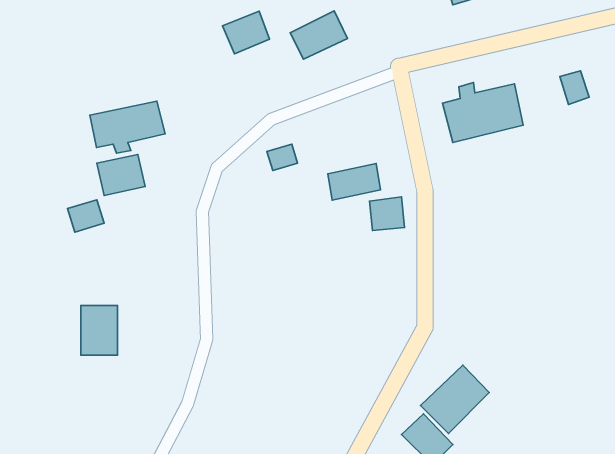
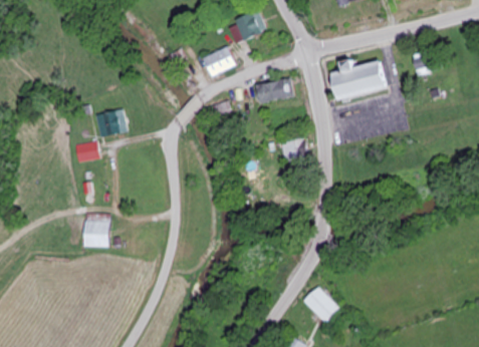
building: [223,11,270,54] -> [203,46,235,75]
building: [90,101,165,153] -> none
building: [328,163,380,200] -> [257,78,293,103]
building: [421,365,489,434] -> none

